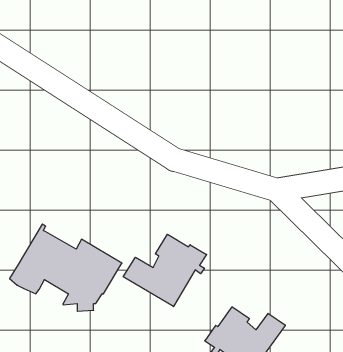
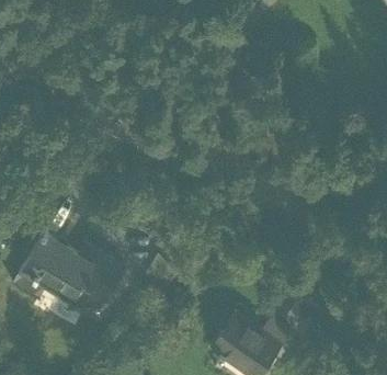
building: [123,234,207,307] -> none

